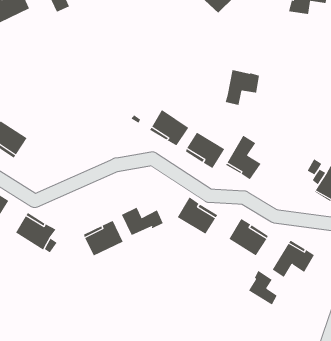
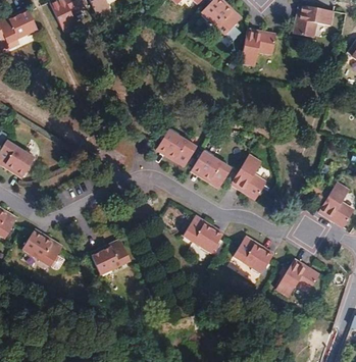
building: [225,69,260,105] -> [240,29,274,64]
building: [121,207,163,236] -> none
building: [248,270,278,305] -> none

